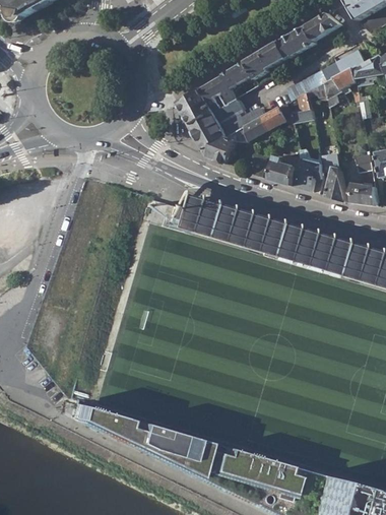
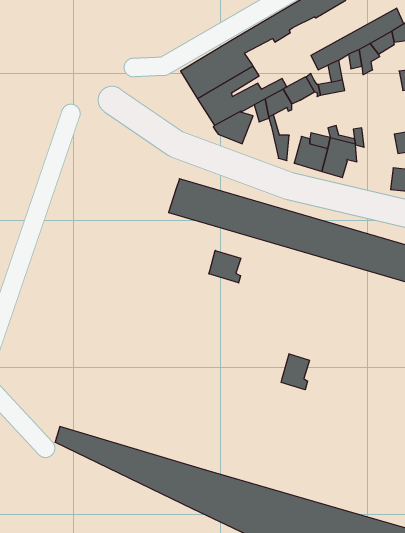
building: [326,167,346,201] -> none
building: none -> [209,250,241,283]
building: none -> [281,354,310,390]

